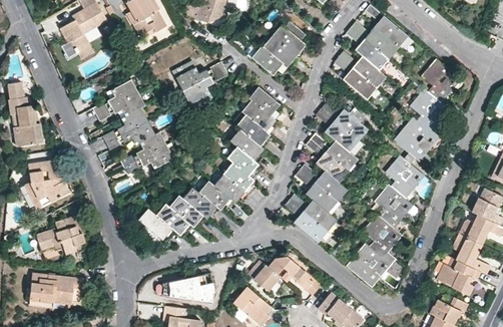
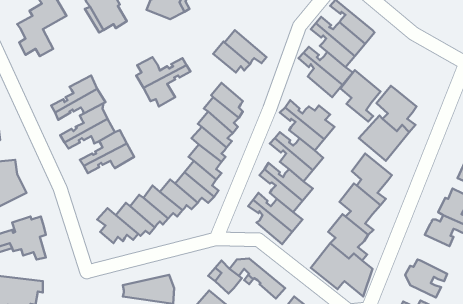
building: [272,20,308,60] -> none
building: [422,58,461,108] -> [340,70,380,121]
building: [451,234,489,275] -> none

